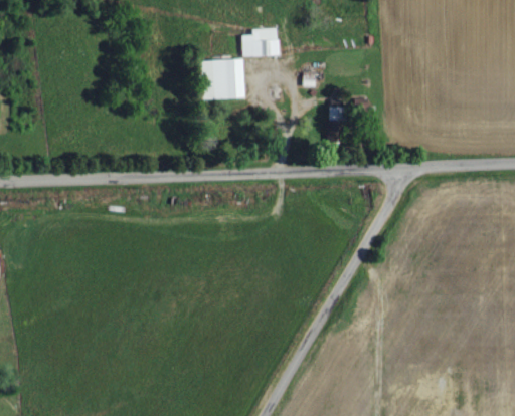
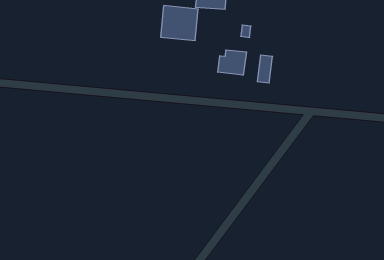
building: none -> [218,50,247,75]

